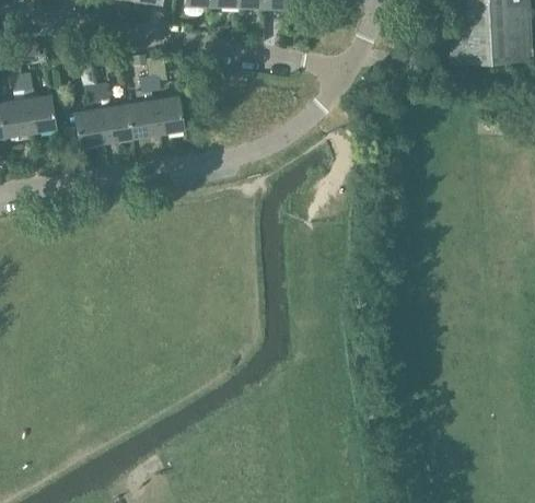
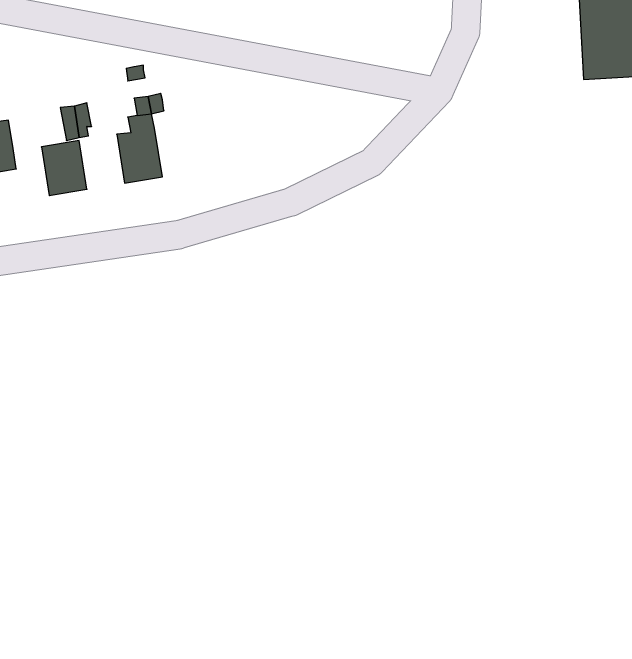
building: [153,96,185,133] -> none
building: [101,104,132,142] -> none

